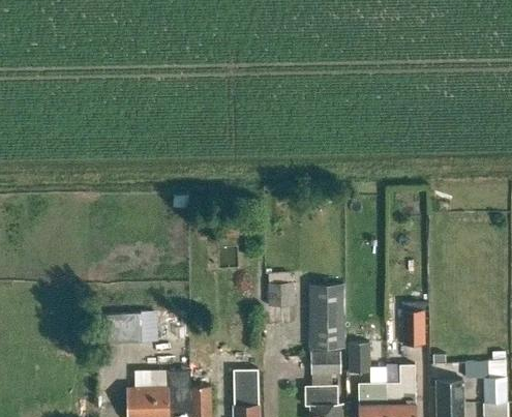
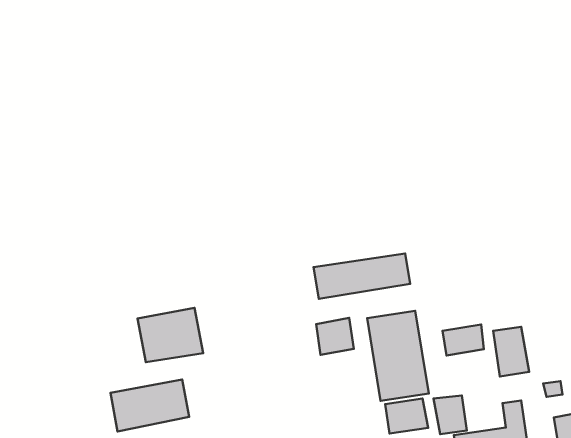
building: none -> [314,253,410,299]
building: none -> [138,308,203,362]
building: none -> [442,325,484,355]

